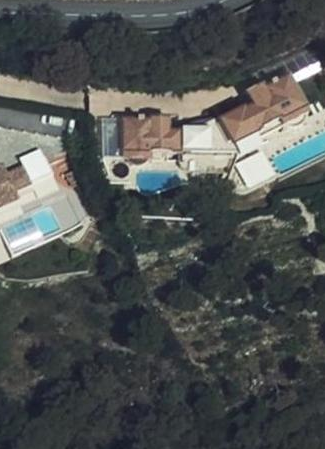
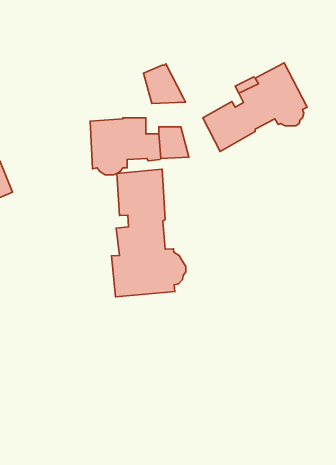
building: [187,124,223,158] -> [144,64,185,103]
building: none -> [112,169,186,297]

